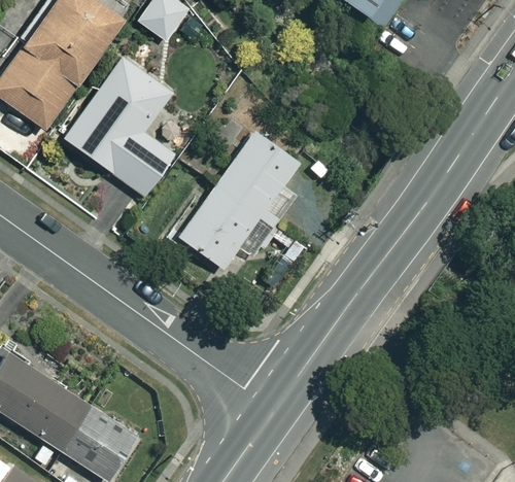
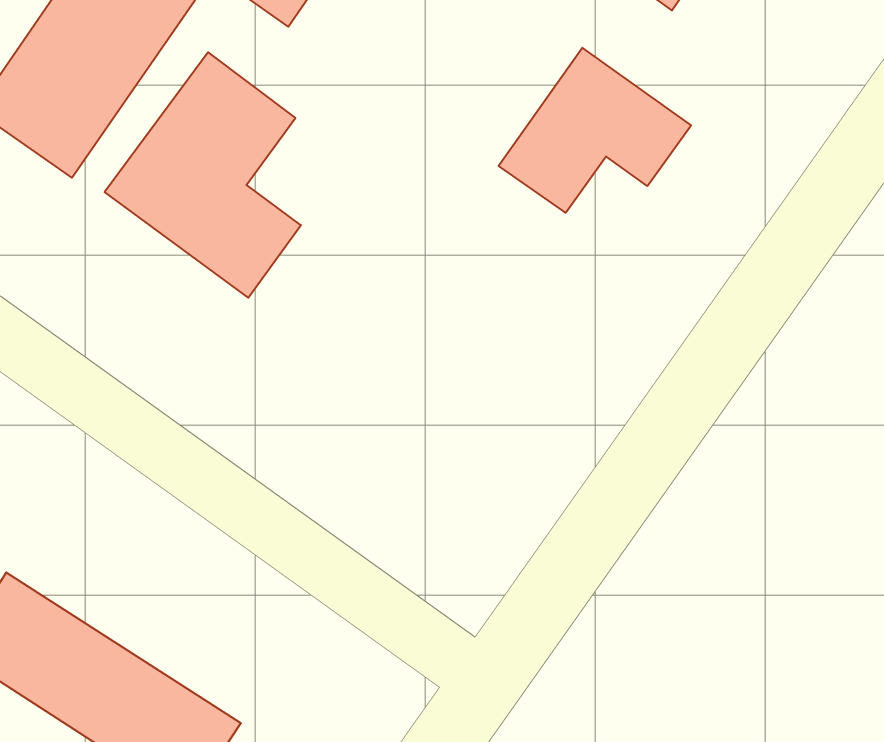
building: none -> [499,48,691,213]
building: [179,131,298,269] -> none

